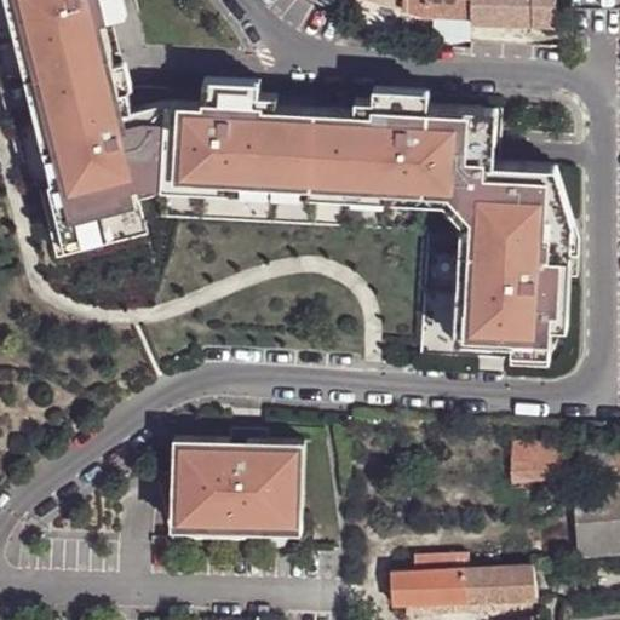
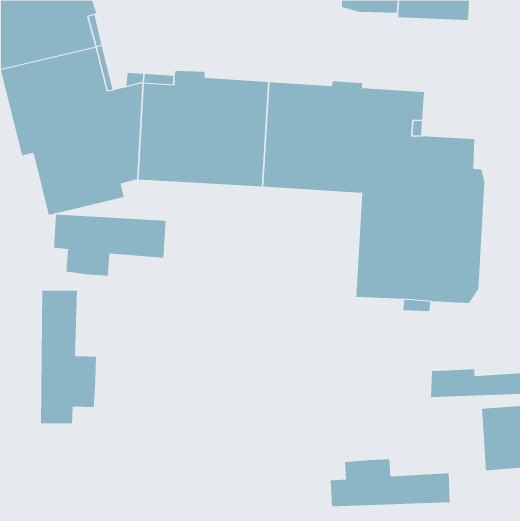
building: none -> [53,214,166,277]
building: none -> [40,290,97,424]
building: [170,435,302,541] -> none

